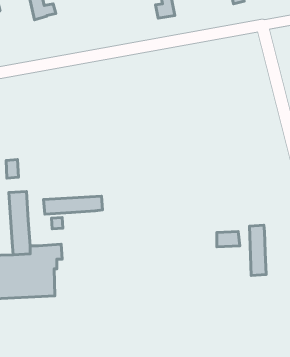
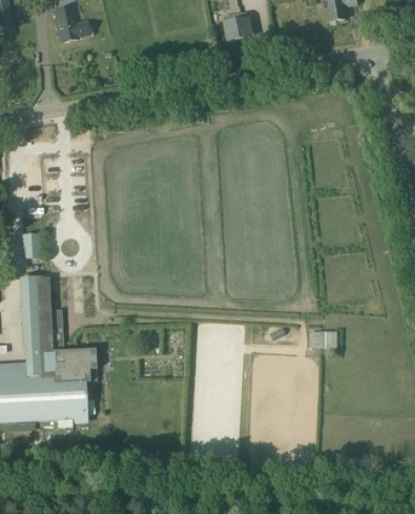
building: [44,196,103,214] -> none
building: [250,225,266,275] -> none

